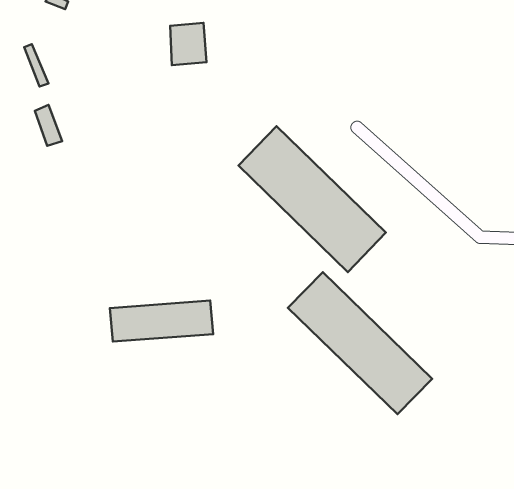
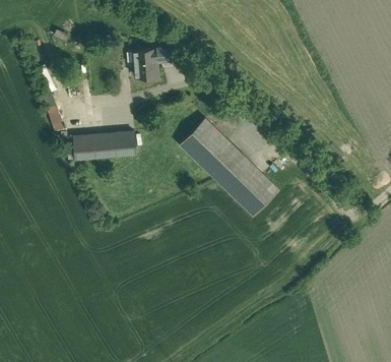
building: [288,272,432,414] -> none
building: [110,301,213,342] -> [67,131,136,159]

